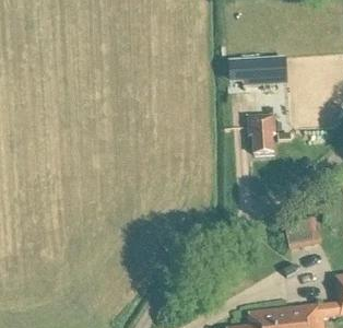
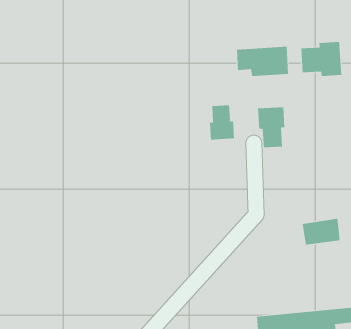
building: none -> [301,41,342,77]
building: none -> [209,105,235,141]

